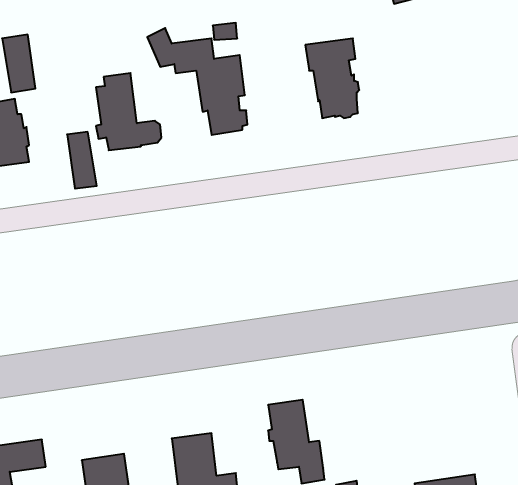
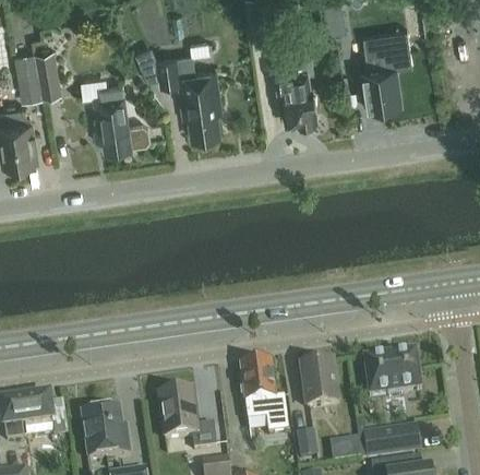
building: none -> [362,27,412,107]
building: [67,132,97,189] -> [36,48,61,96]
building: none -> [363,347,421,393]
building: none -> [301,360,337,406]

